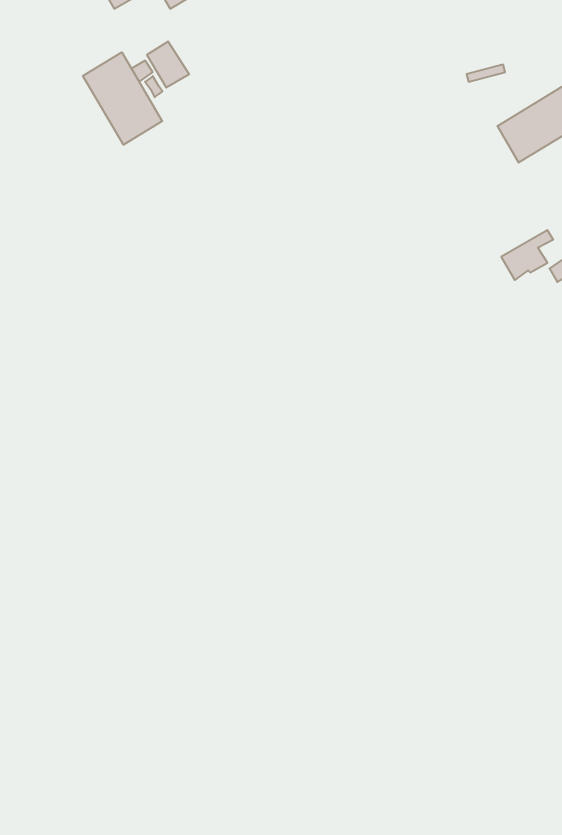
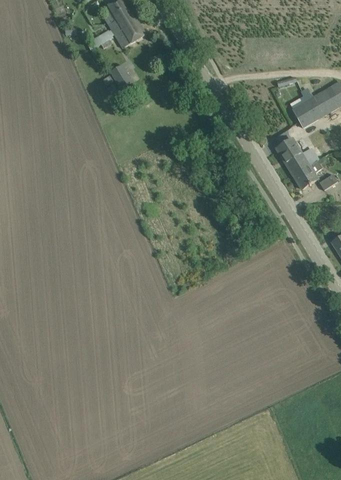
building: [83,52,162,145] -> none
building: none -> [276,137,318,176]

